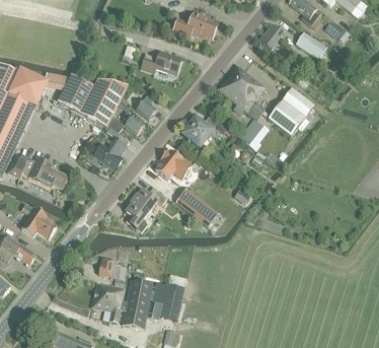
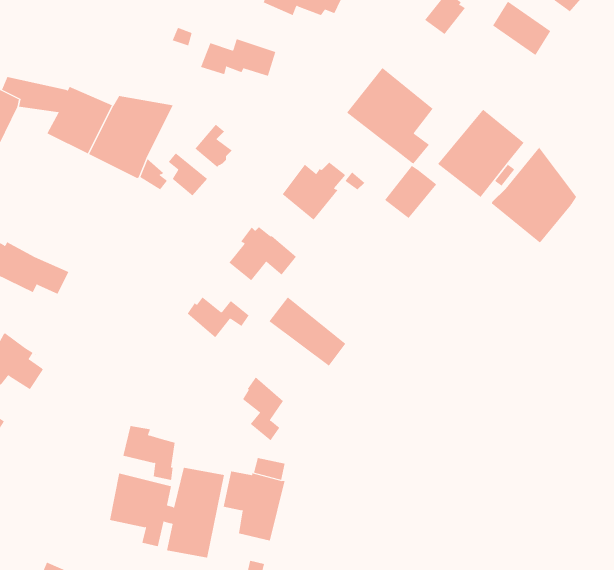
building: none -> [491,147,577,244]
building: [93,138,126,170] -> none
building: [125,198,147,232] -> [242,377,284,441]

